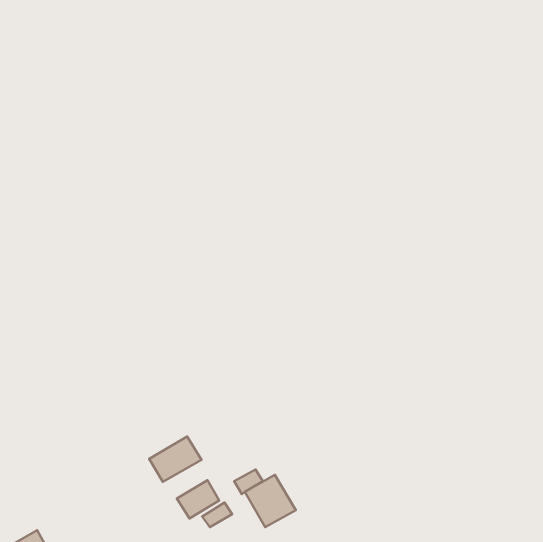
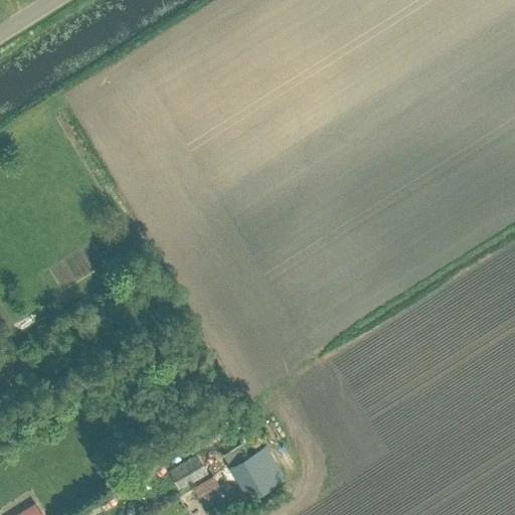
building: [149,437,202,482] -> none

